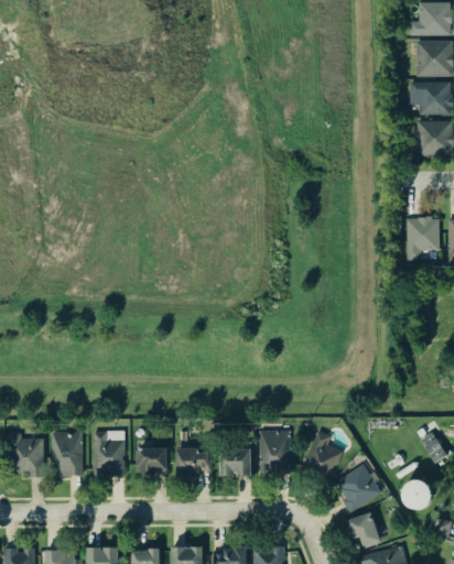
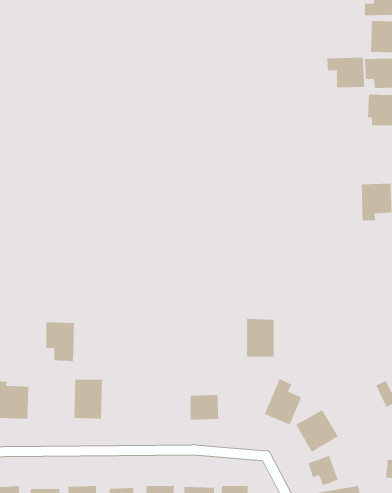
building: none -> [327,57,365,88]
building: [259,430,290,473] -> [246,318,275,358]
building: [51,431,83,475] -> [45,322,75,362]
building: [137,447,166,476] -> none
building: [175,448,209,474] -> none
building: [402,481,431,508] -> none

